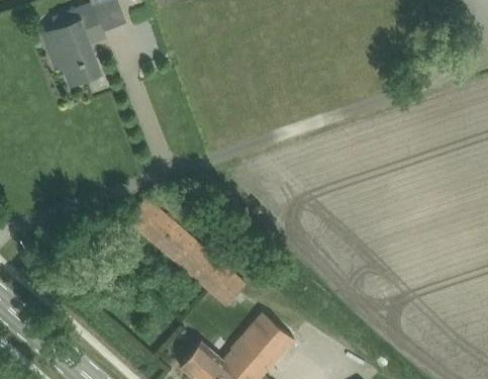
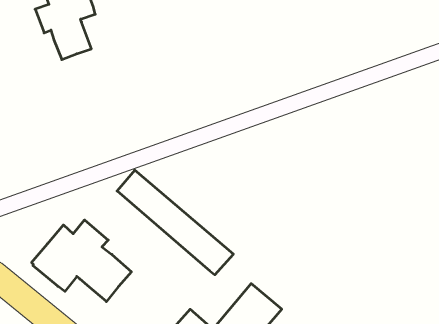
building: none -> [32,220,131,302]

